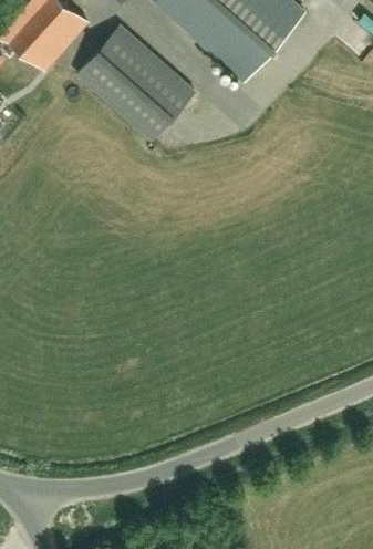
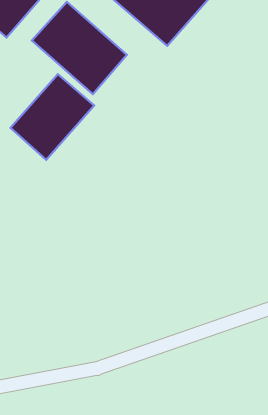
building: none -> [11,74,94,160]

